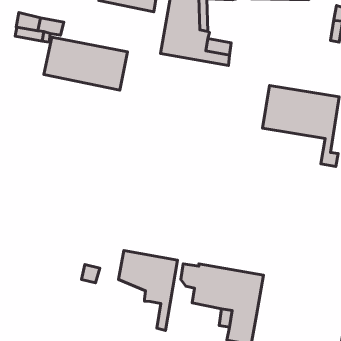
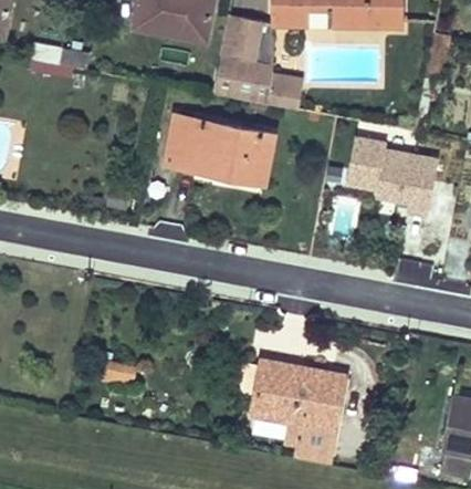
building: [44,37,128,90] -> [167,116,273,184]
building: [118,251,178,331] -> none

